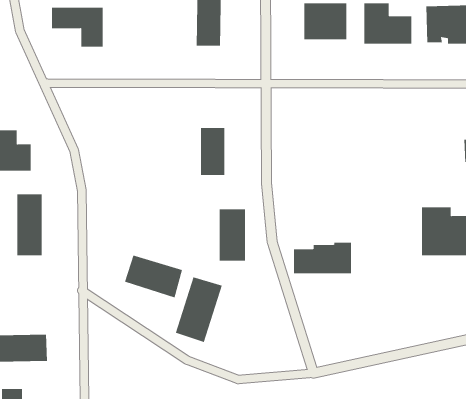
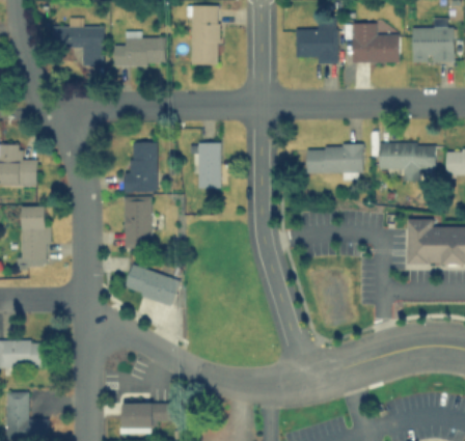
building: none -> [113,37,165,67]
building: none -> [124,142,156,192]
building: none -> [380,143,436,176]
building: [219,209,246,261] -> [124,198,149,248]
building: [293,242,352,274] -> [306,144,362,174]
building: [175,276,222,343] -> none

